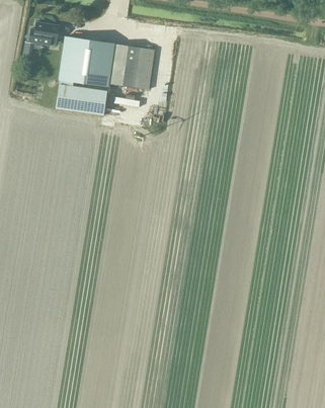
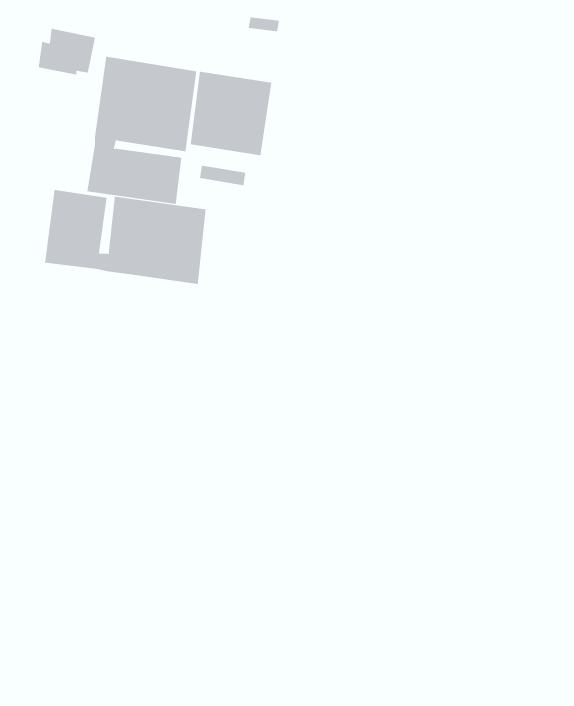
building: none -> [45,189,206,285]

